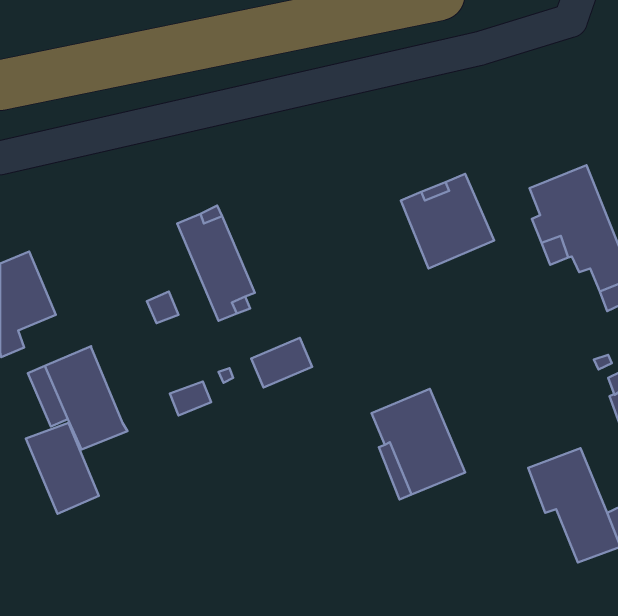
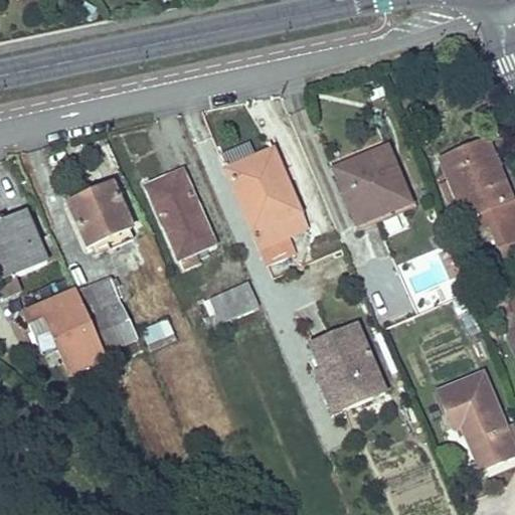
building: none -> [221,140,306,262]
building: none -> [69,183,133,245]
building: [26,423,99,514] -> [77,275,138,350]

